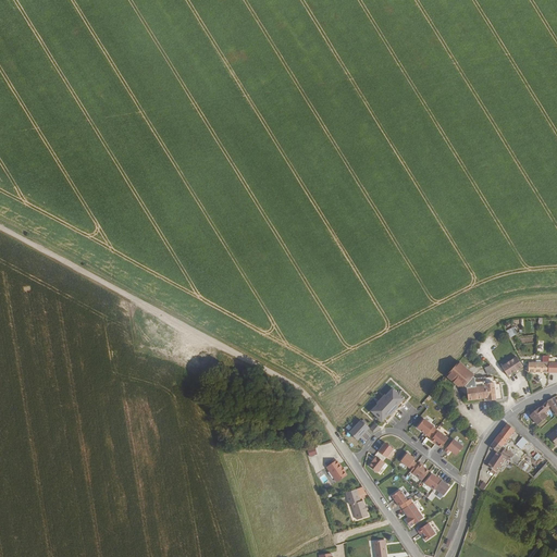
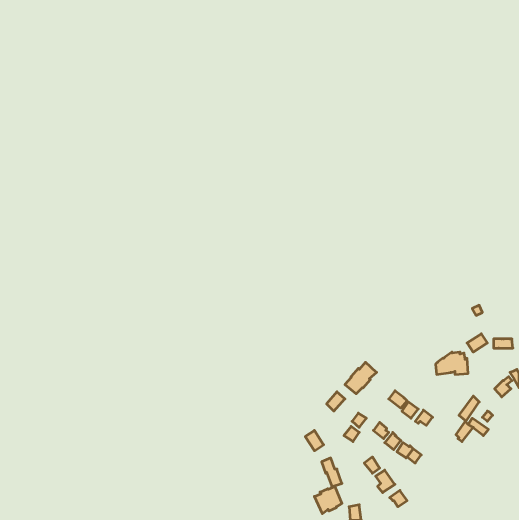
building: [444,361,483,389] -> none
building: none -> [314,487,342,514]

